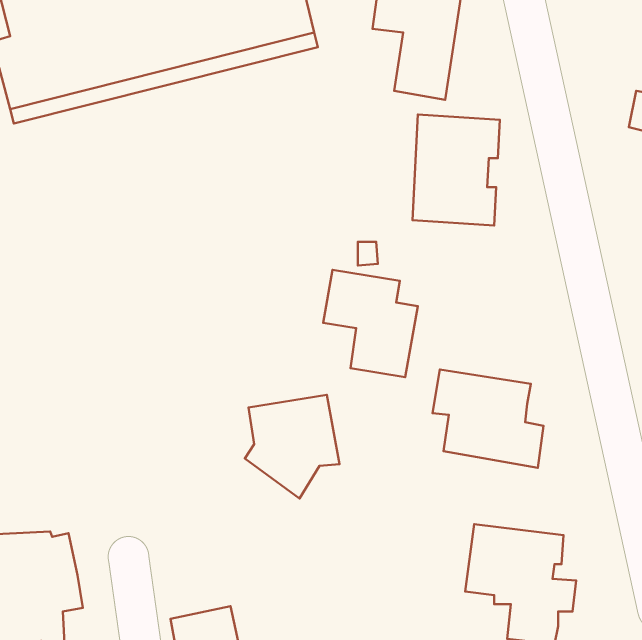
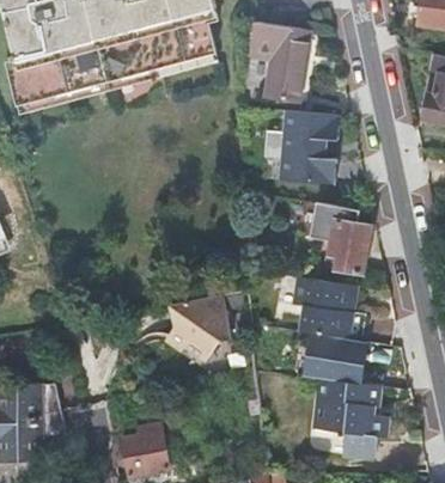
building: [323,270,418,377] -> [309,202,371,273]
building: none -> [309,335,366,373]

